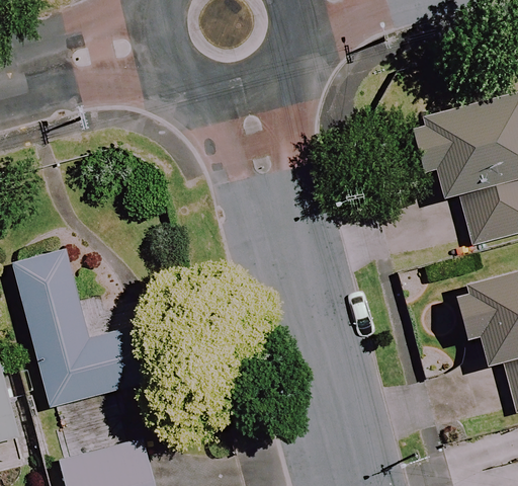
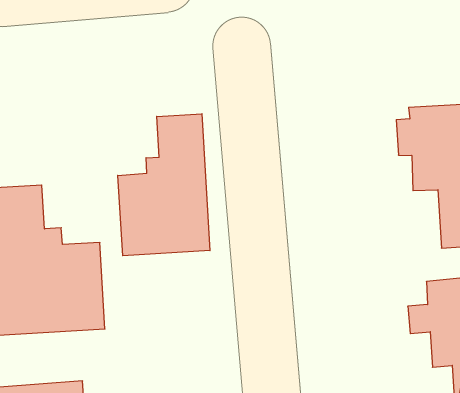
building: none -> [118,114,210,256]

